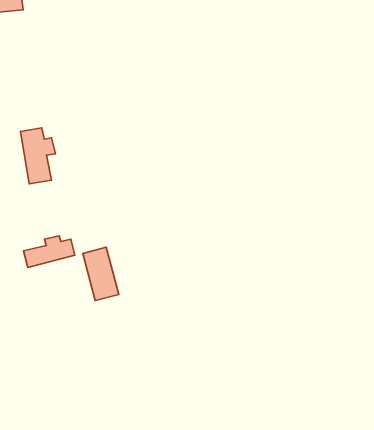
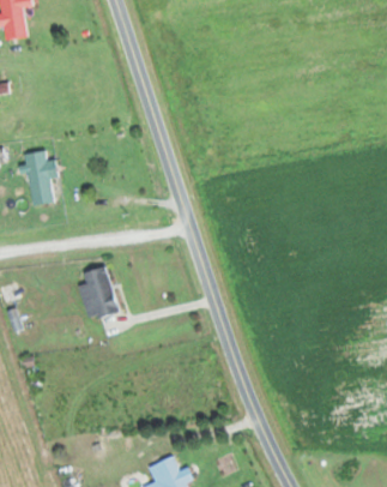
building: [24,236,75,267] -> none

